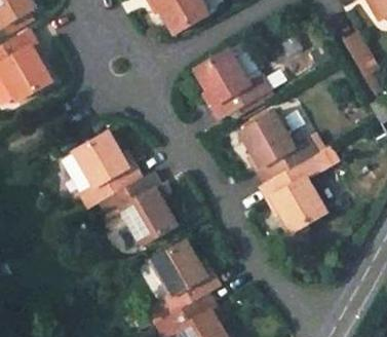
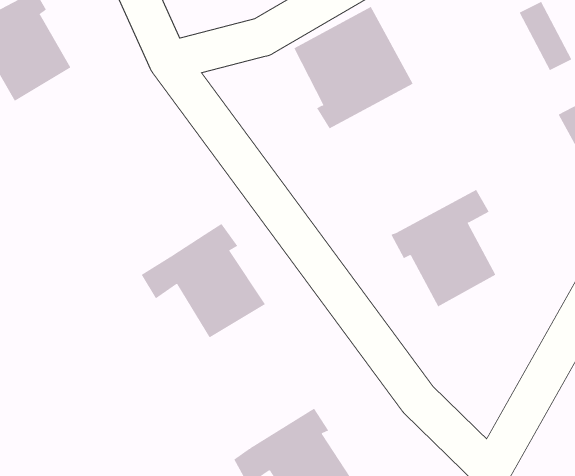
building: [239,109,315,182] -> none
building: [59,139,140,216] -> none
building: [152,241,221,319] -> none

